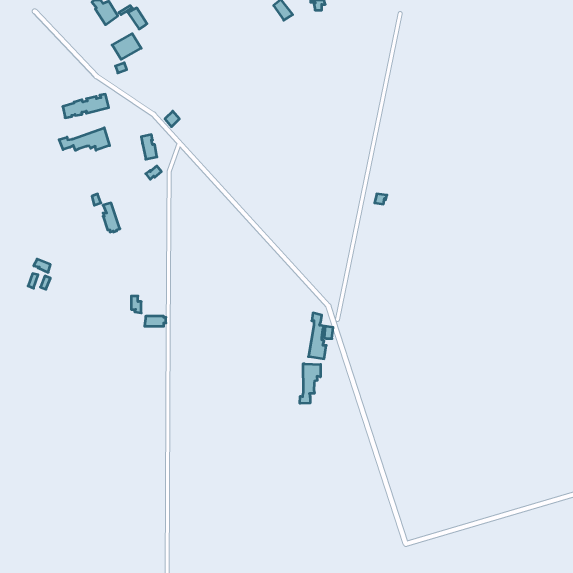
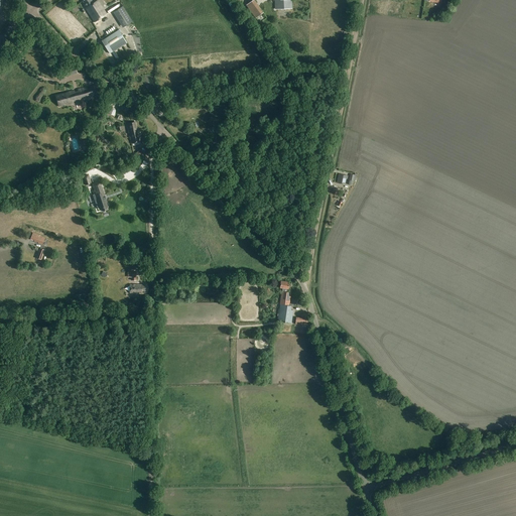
building: [59,128,110,150] -> none
building: [300,364,321,403] -> none

